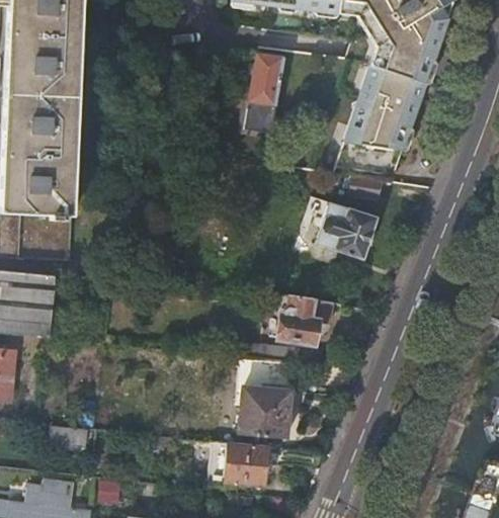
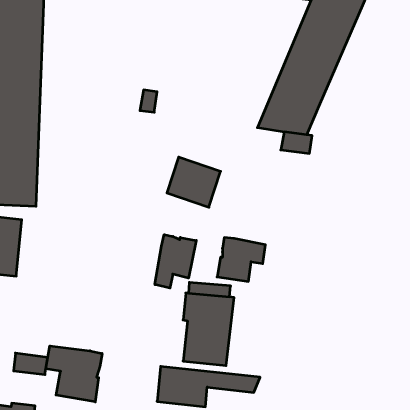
building: [244,53,287,132] -> none
building: [317,202,378,259] -> [167,157,221,207]
building: none -> [155,235,196,288]
building: none -> [46,346,102,402]

